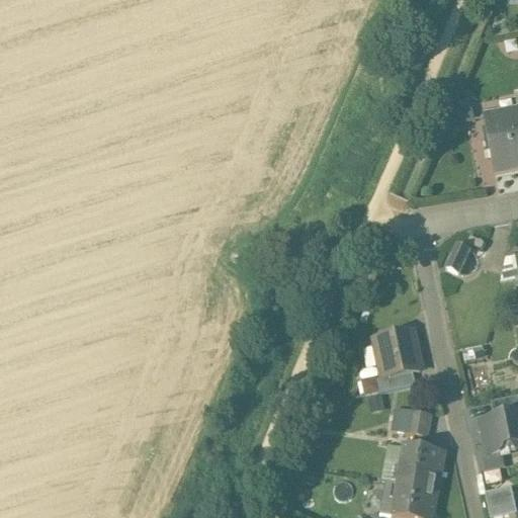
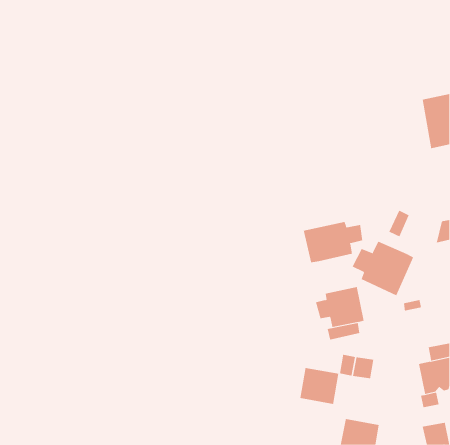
building: none -> [303,221,363,263]
building: none -> [352,241,414,296]
building: [397,445,442,488] -> [299,367,339,404]

